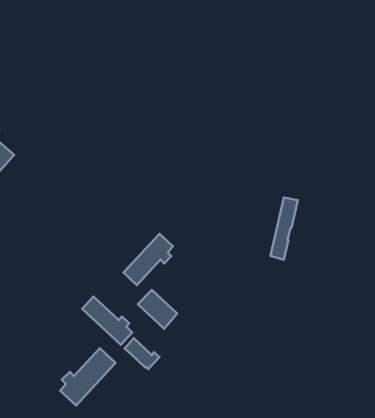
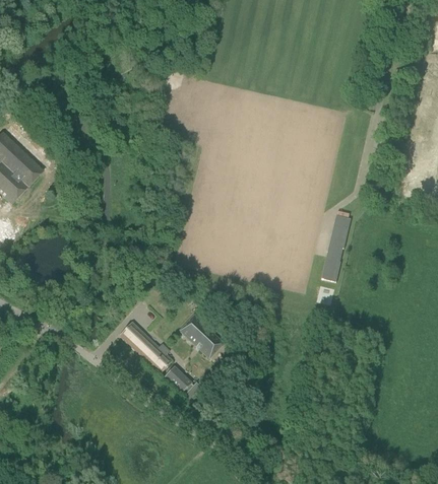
building: [123,234,173,285] -> none
building: [60,348,116,406] -> none

